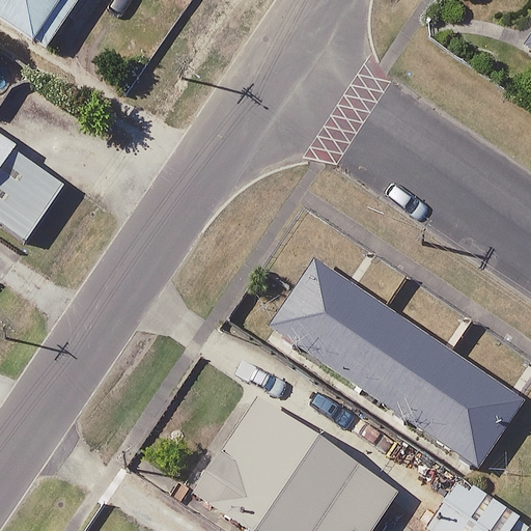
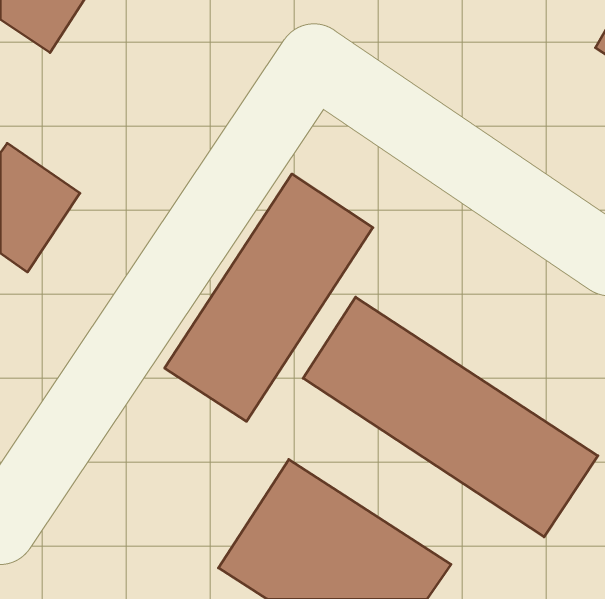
building: none -> [165,174,373,421]

